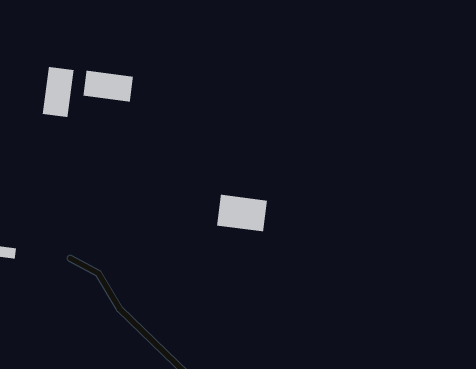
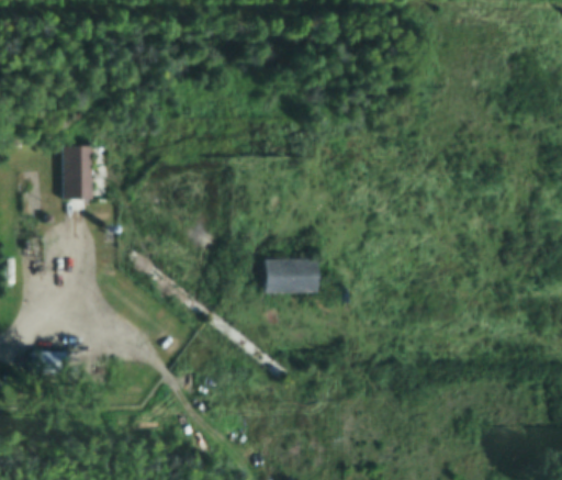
building: [83,70,134,102] -> none

